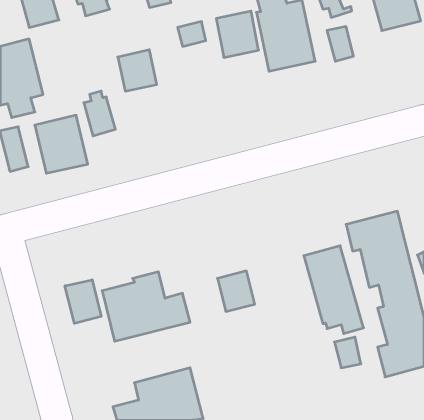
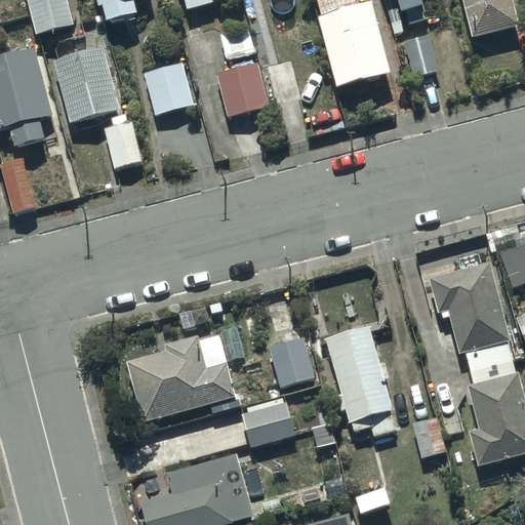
building: [216,11,259,57] -> [216,60,269,118]
building: [35,115,88,173] -> [54,50,120,122]
building: [304,246,364,334] -> [324,327,398,436]
building: [65,280,101,323] -> none
building: none -> [240,397,294,447]

